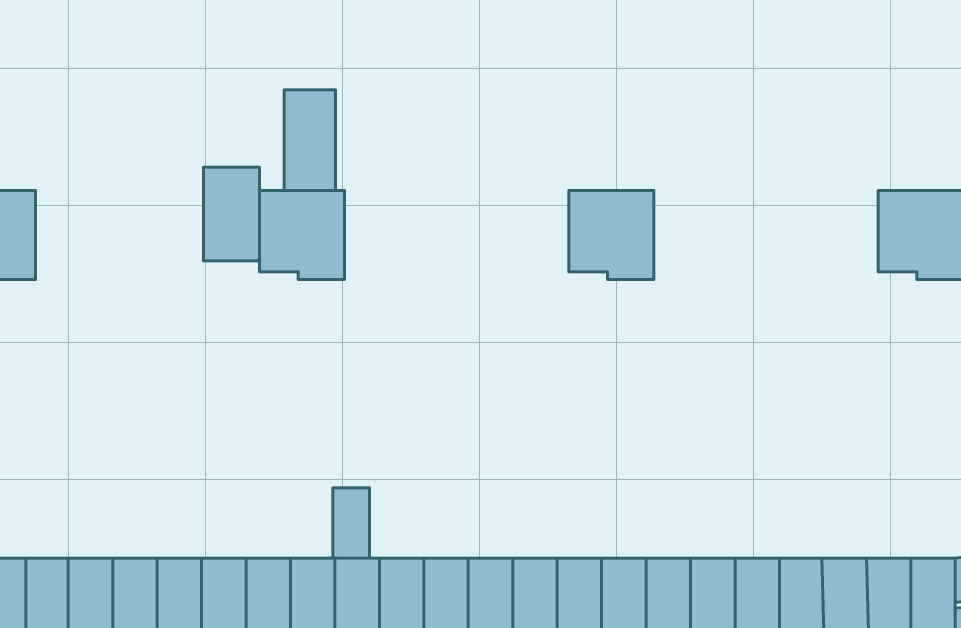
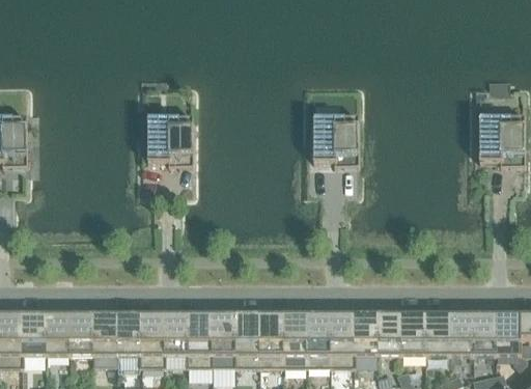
building: [284,90,335,191] -> none
building: [204,167,260,261] -> none
building: [333,488,369,558] -> none

